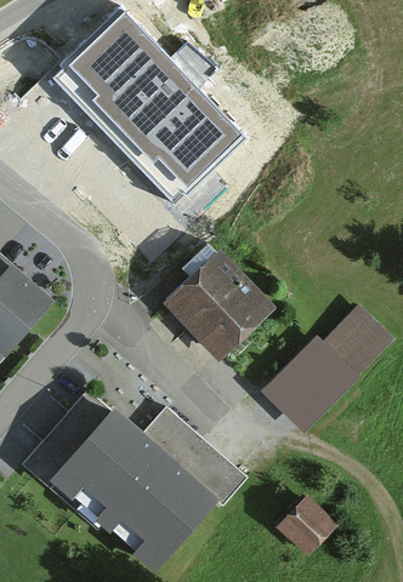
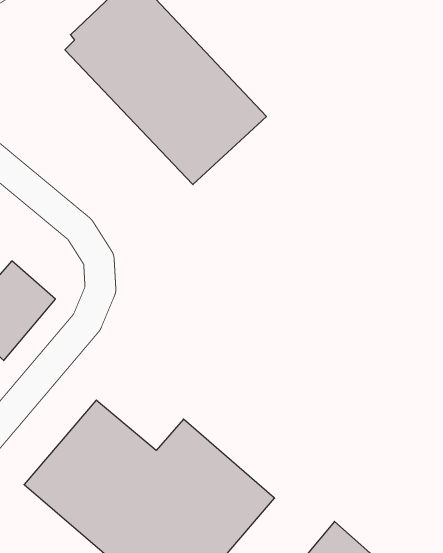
building: [175,252,273,353] -> none
building: [263,306,391,428] -> none

